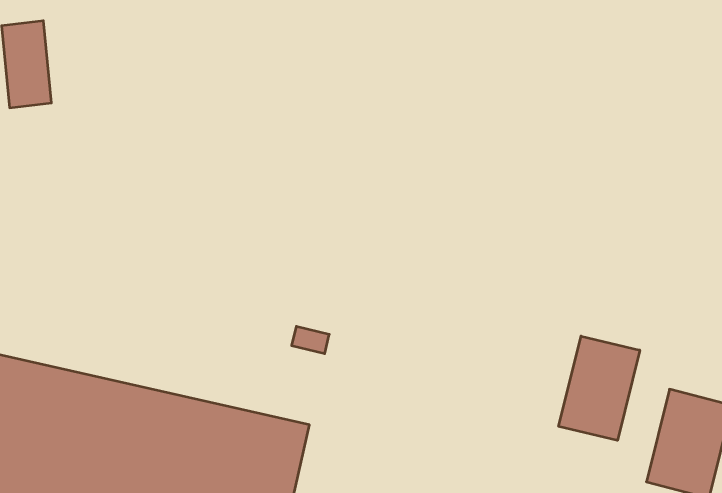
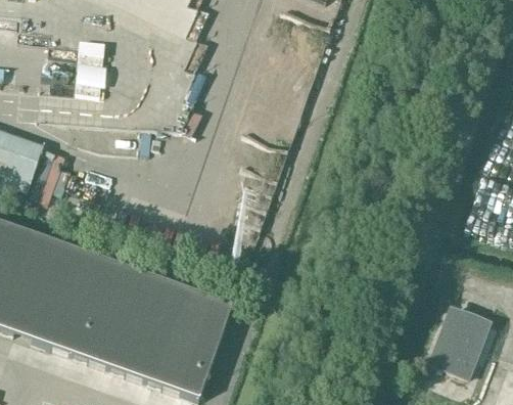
building: [559,336,640,440] -> none

